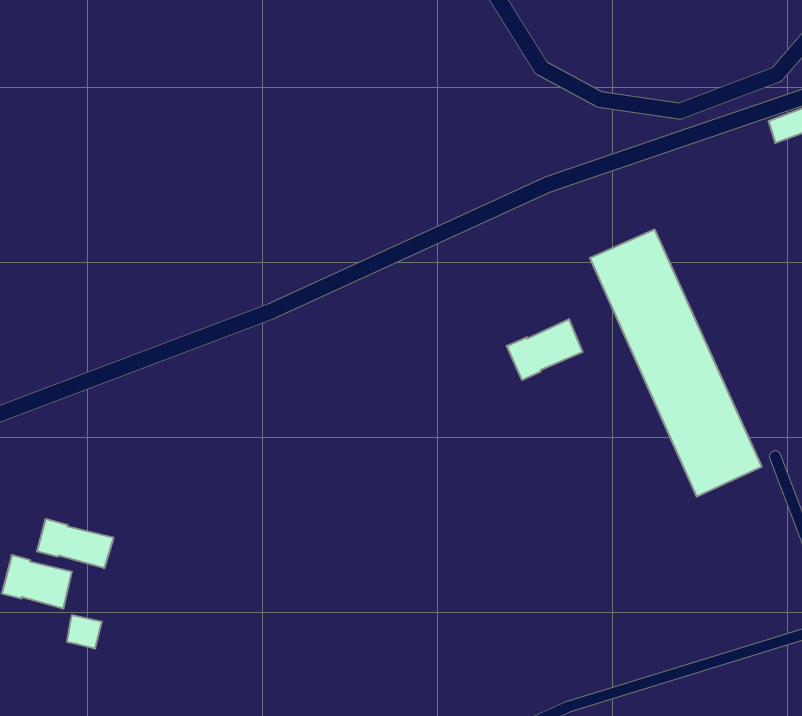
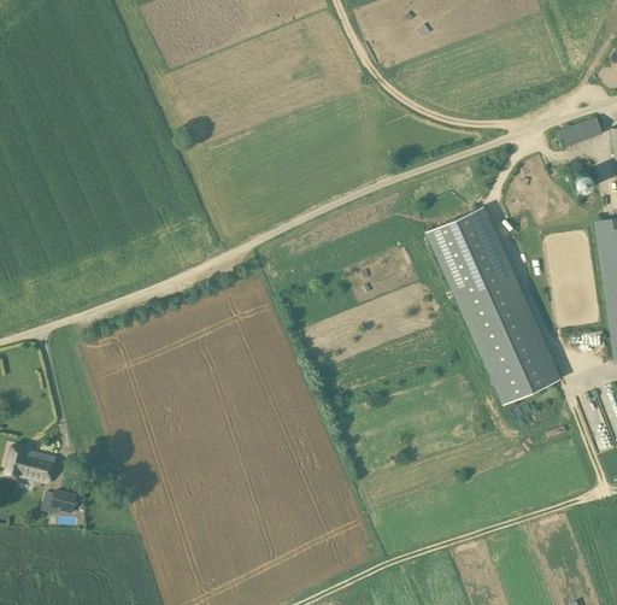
building: [507,319,582,380] -> none
building: [37,519,113,568] -> none

